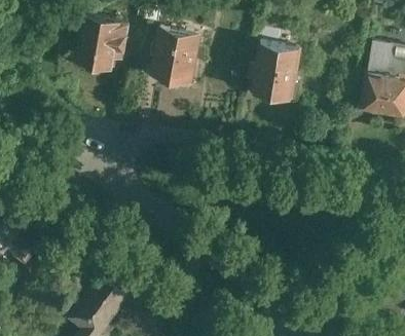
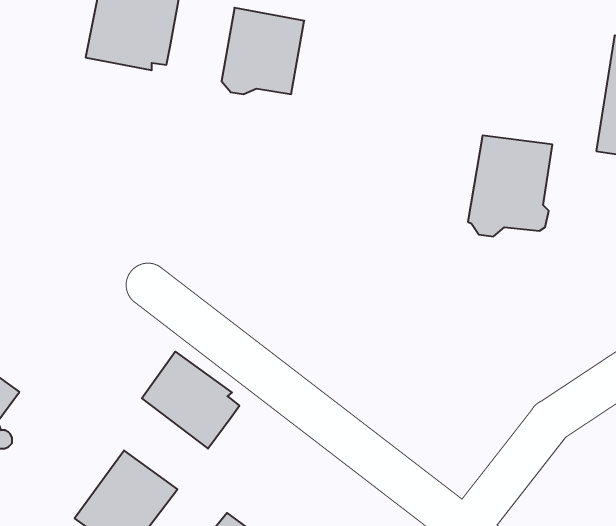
building: [252,45,299,102] -> [468,135,552,236]
building: none -> [142,352,239,449]

